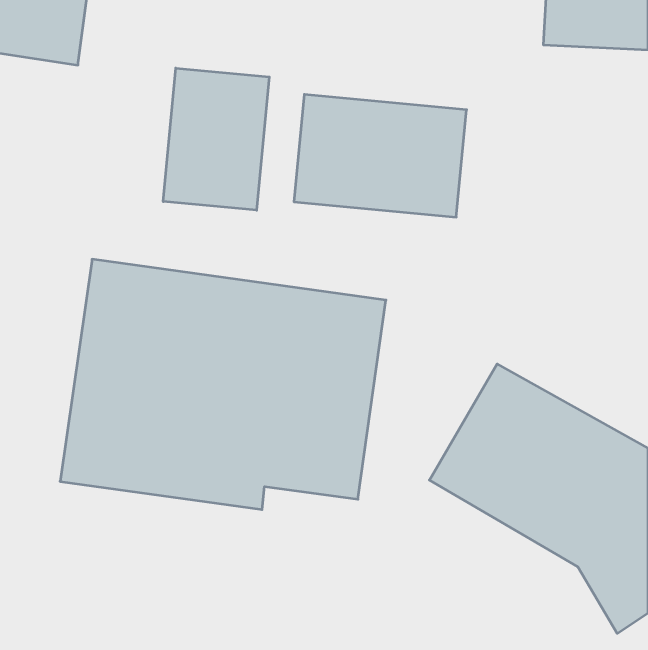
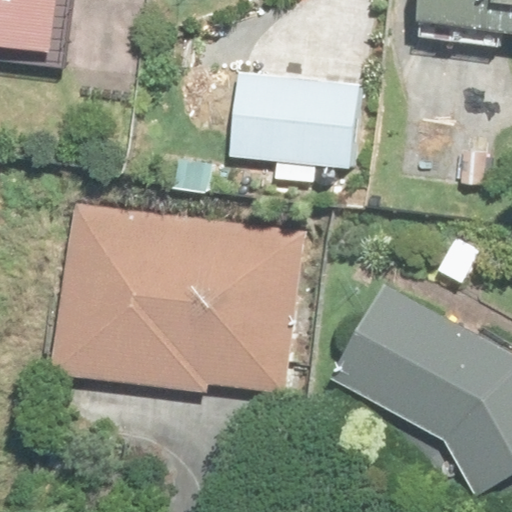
building: [163,68,269,210] -> none

